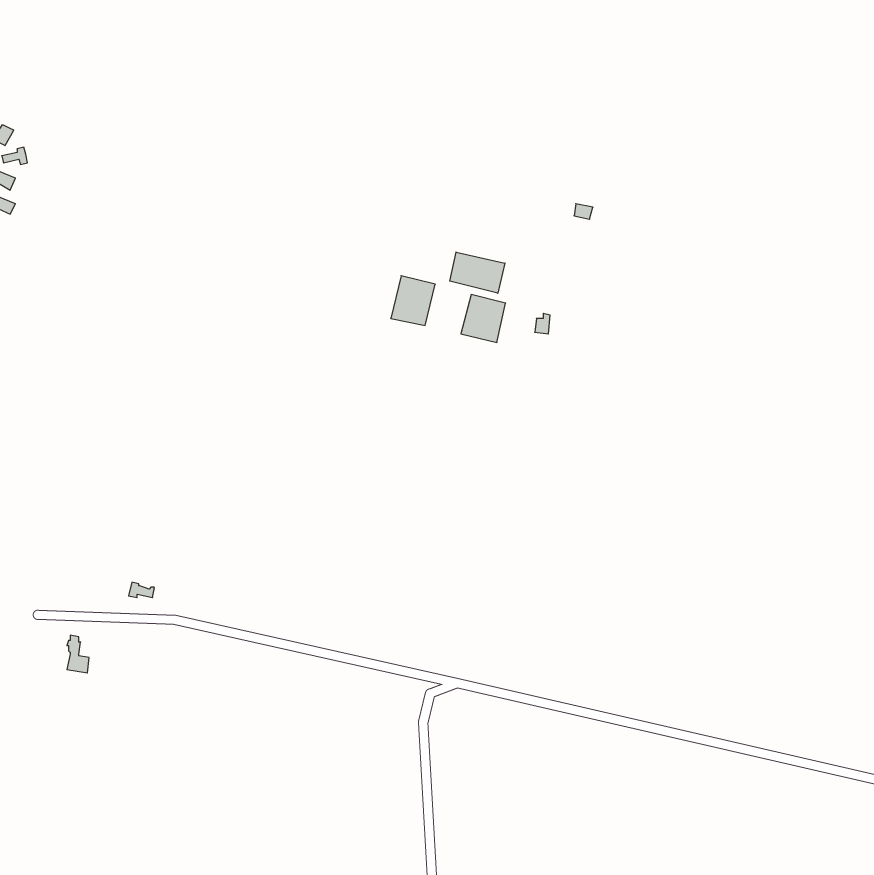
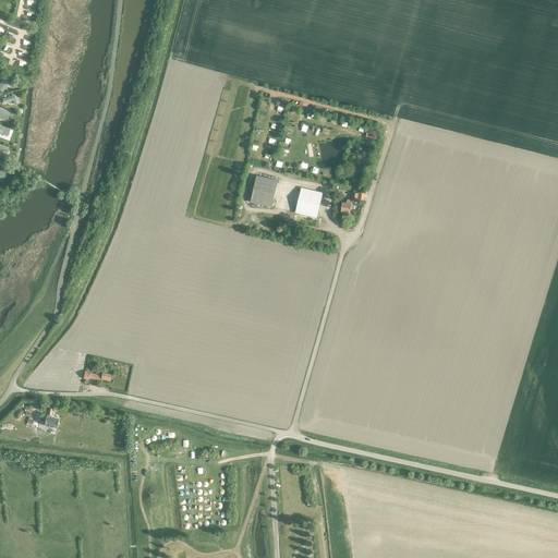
building: [450,252,505,293] -> none

